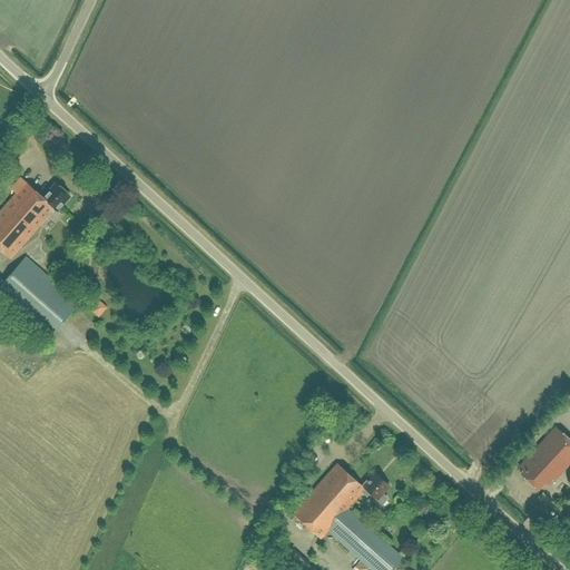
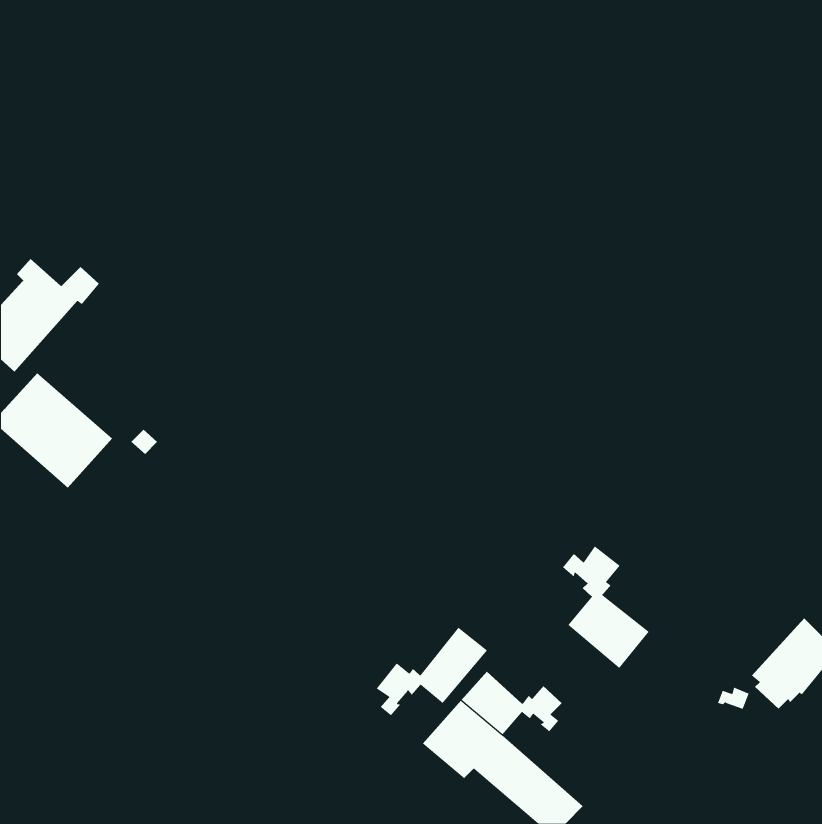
building: none -> [562,546,650,669]
building: none -> [376,627,488,716]

